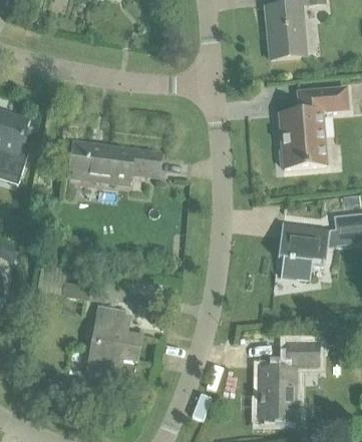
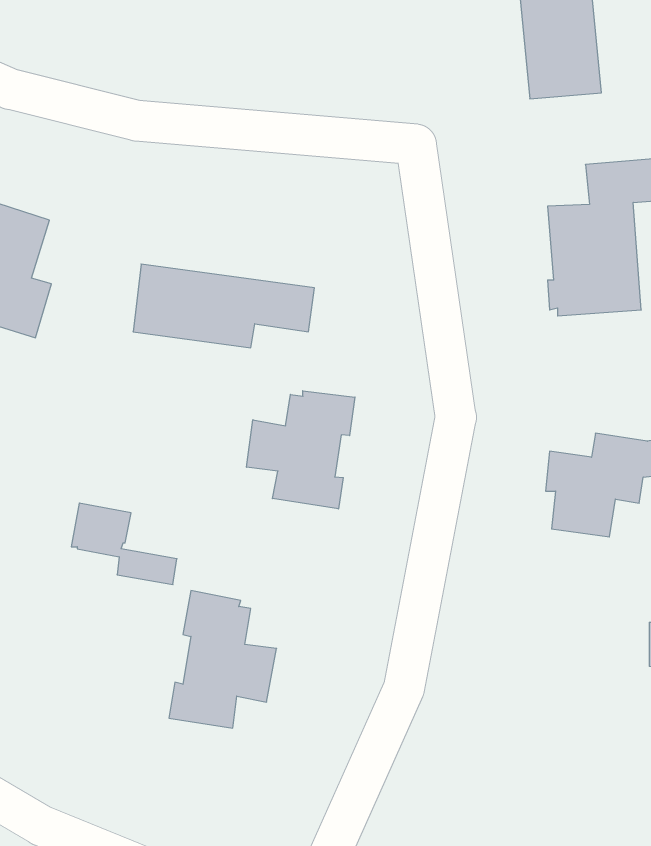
building: none -> [247,391,355,509]
building: [260,342,316,420] -> none

